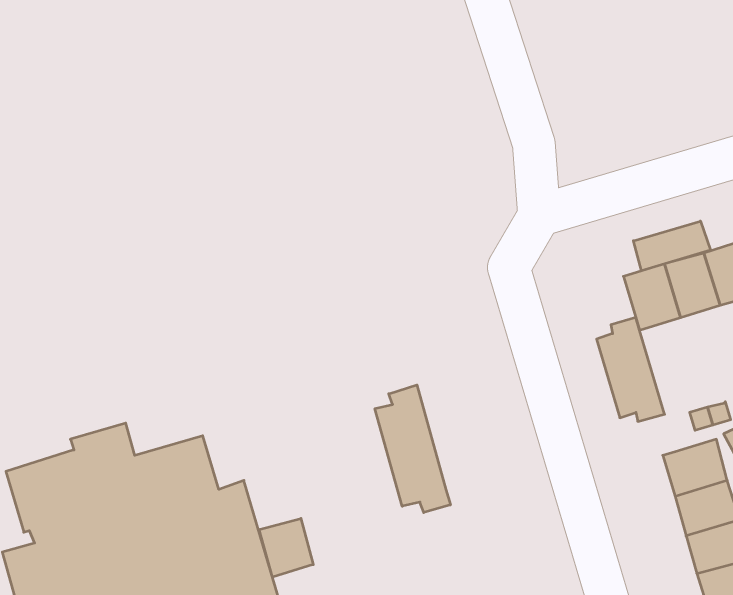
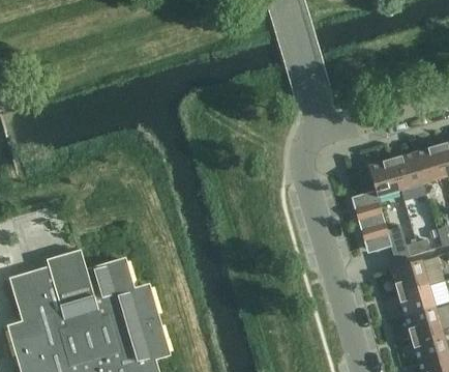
building: [633,221,711,271] -> none
building: [375,385,450,513] -> none
building: [259,518,313,577] -> none

